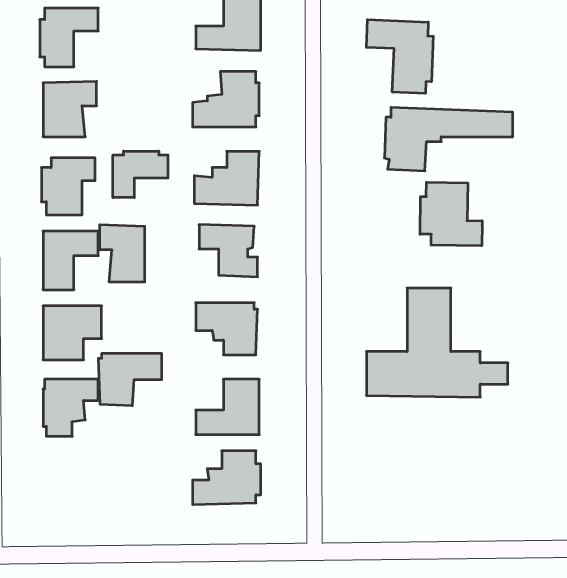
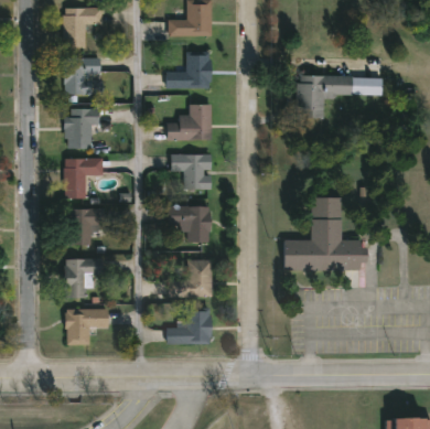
building: [366,20,433,93] -> none
building: [113,151,168,198] -> none
building: [420,182,482,246] -> none
building: [100,225,145,282] -> none
building: [98,354,162,406] -> [66,310,109,345]

